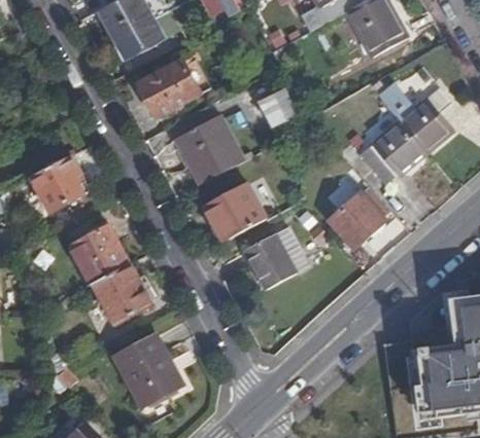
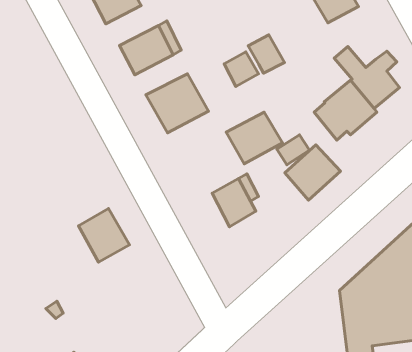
building: none -> [248,35,285,73]
building: [32,159,82,212] -> none
building: [203,180,267,239] -> [226,112,282,164]
building: [69,228,127,287] -> none
building: [114,337,183,409] -> none

